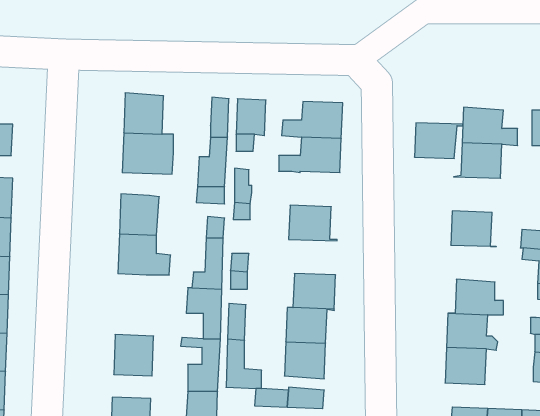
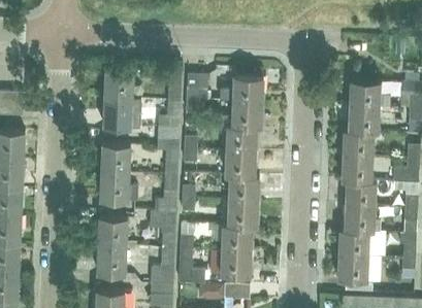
building: [414,123,463,158] -> [343,131,378,157]
building: none -> [225,127,261,152]
building: none -> [224,176,259,202]
building: none -> [342,180,375,207]
building: none -> [98,217,127,246]

